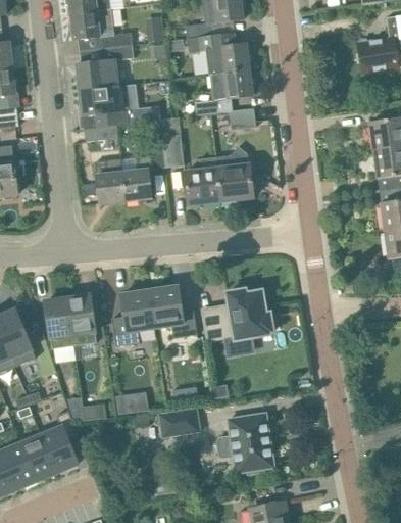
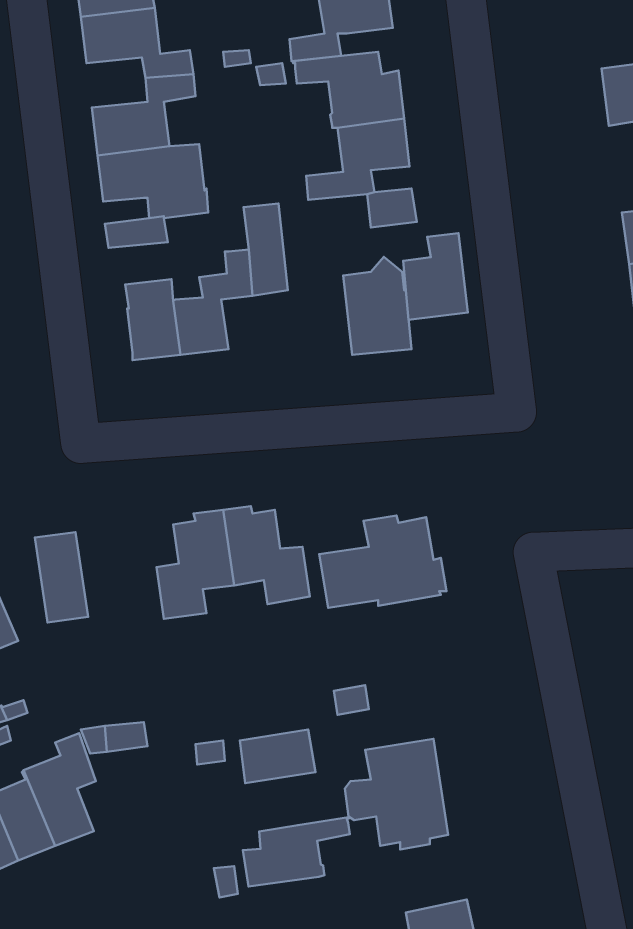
building: [185,156,220,204] -> [403,233,468,320]
building: [67,295,97,345] -> none
building: [115,391,145,410] -> none
building: none -> [243,817,350,887]

